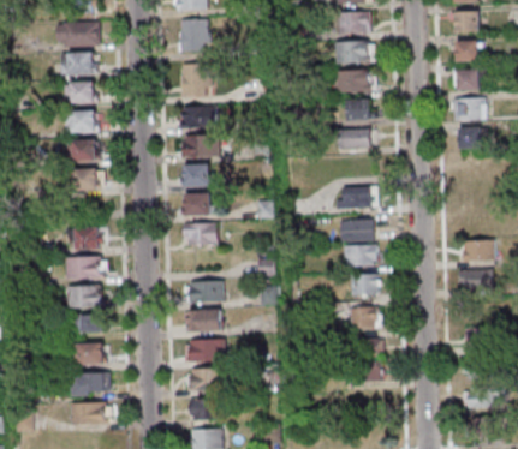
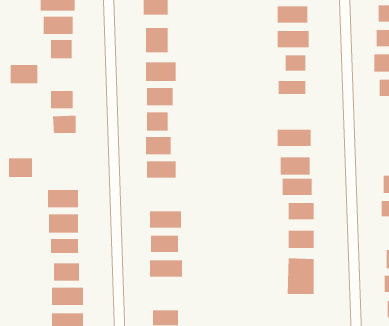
building: [64,110,97,133] -> [10,64,38,84]
building: [71,227,100,250] -> [8,158,33,177]
building: [190,369,222,390] -> none

